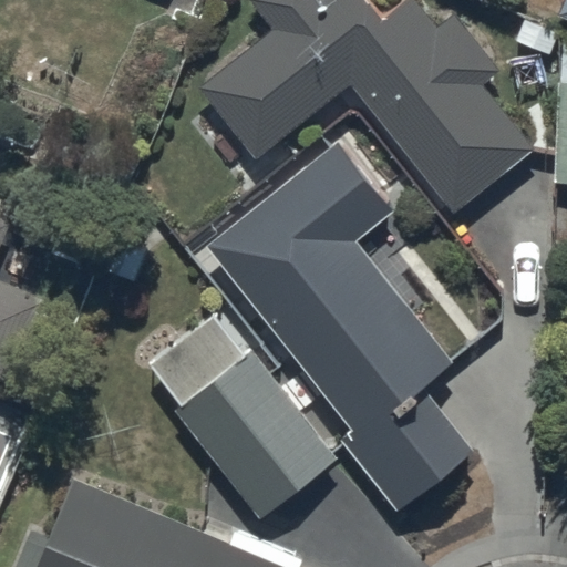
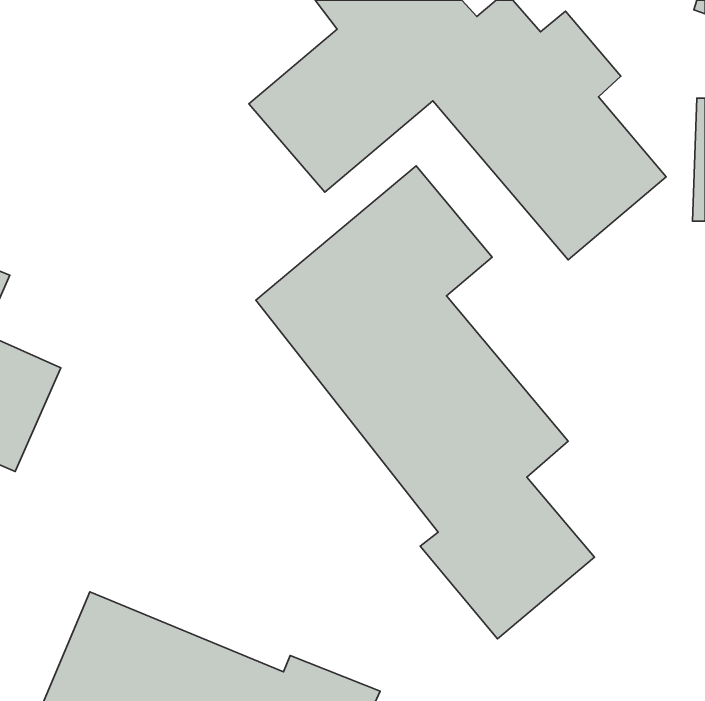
building: [148,312,336,518] -> none

